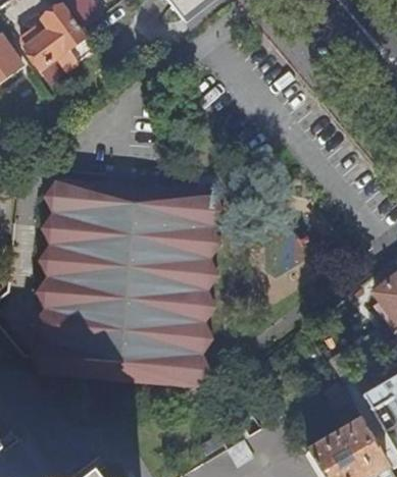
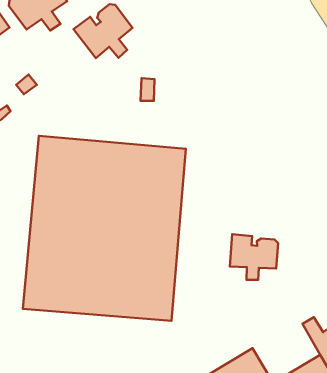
building: none -> [73,4,132,58]
building: none -> [230,234,278,280]

